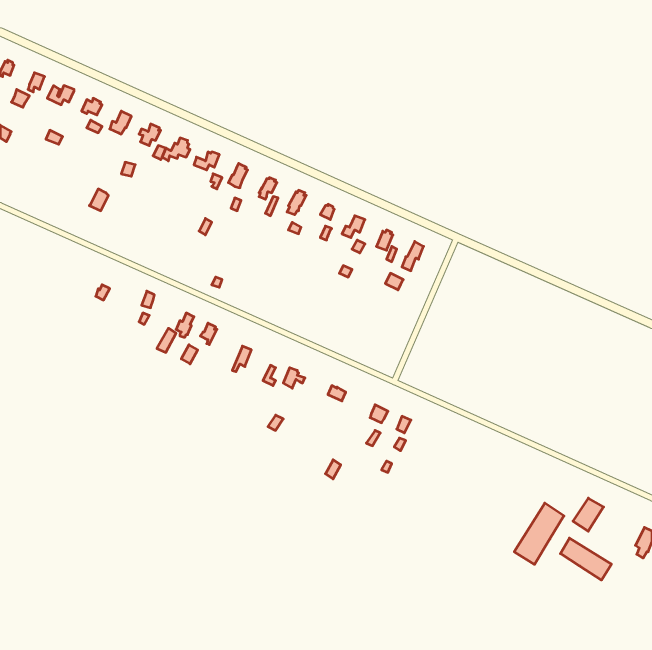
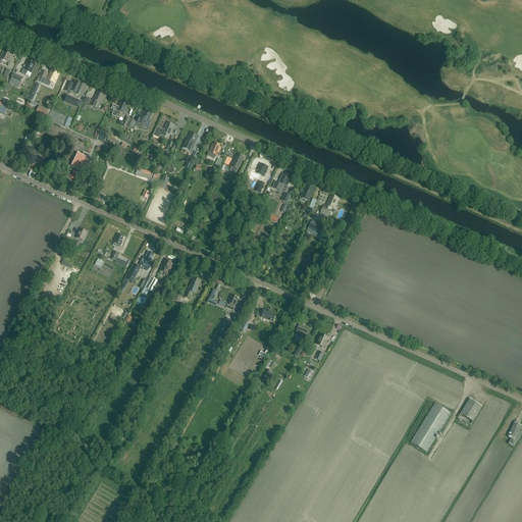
building: [560,538,611,580] -> none

